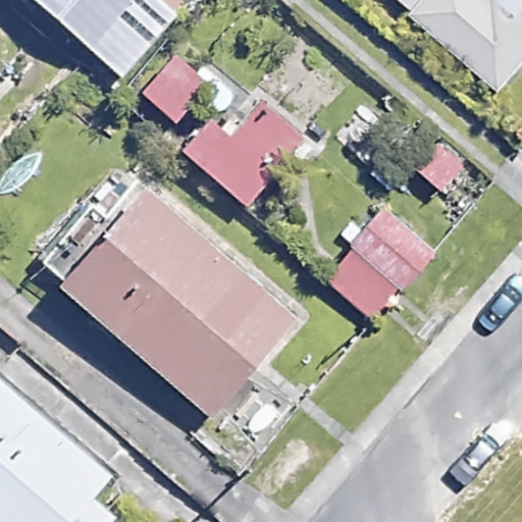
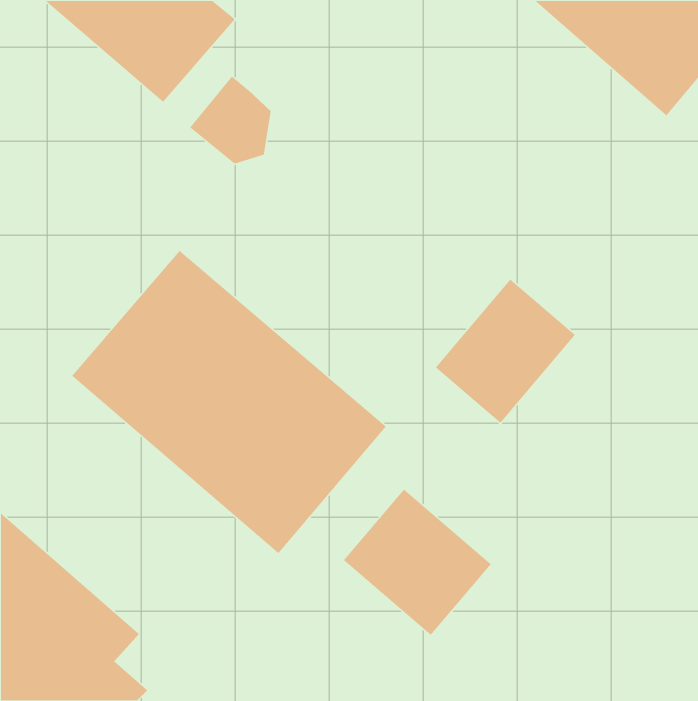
building: [184,103,300,204] -> none
building: none -> [343,488,492,636]

